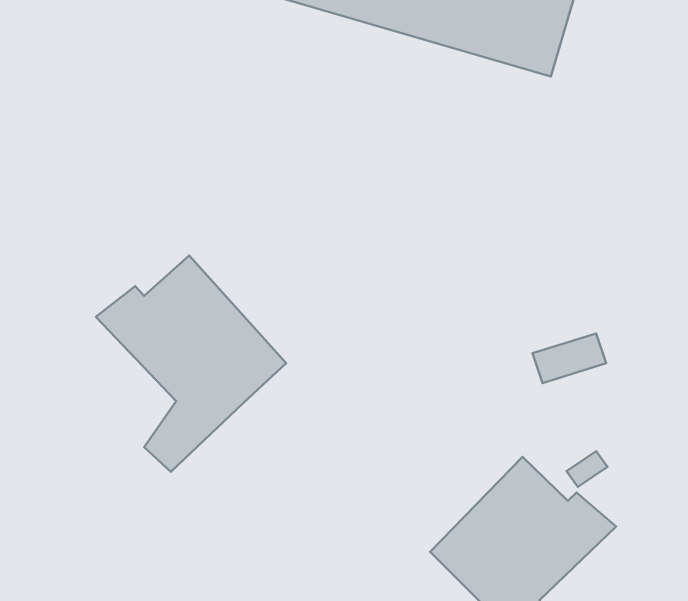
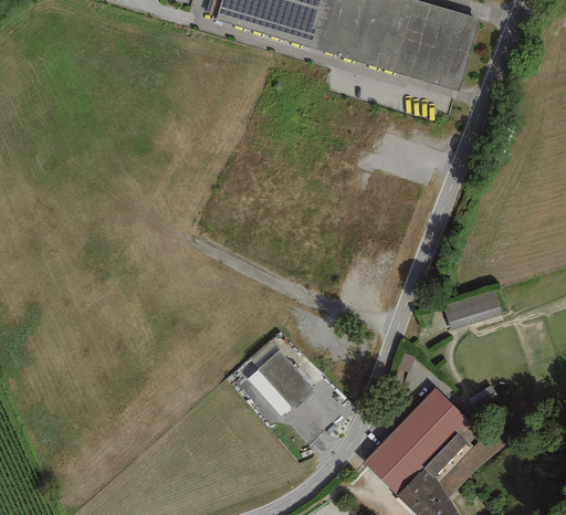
building: [96,255,286,472] -> none
building: none -> [245,348,314,418]

